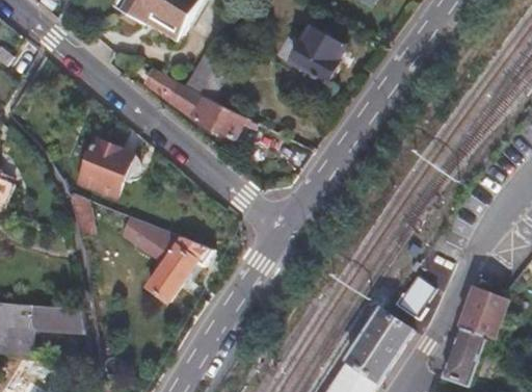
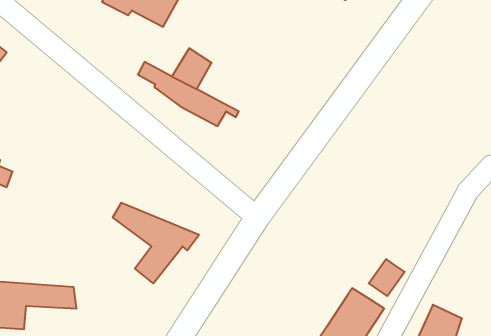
building: [288,26,341,80] -> none
building: [83,145,138,198] -> none
building: [463,290,521,346] -> none

